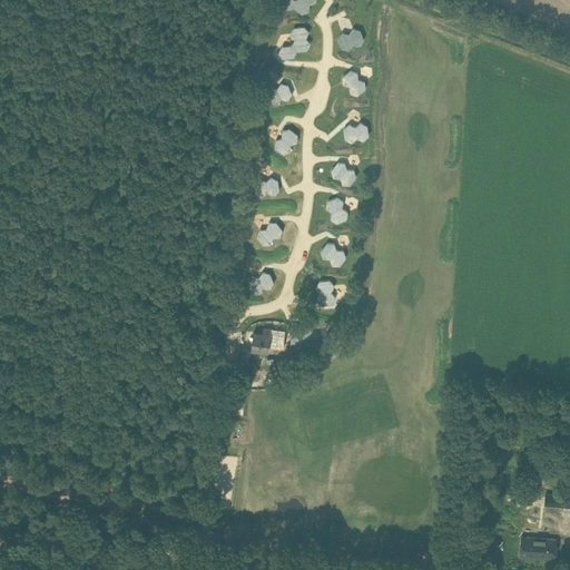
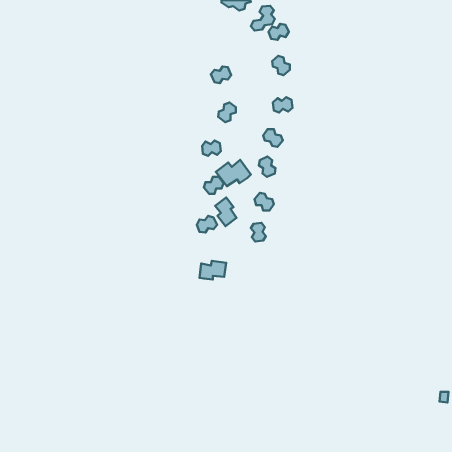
building: [278,27,308,58] -> [251,6,275,30]
building: none -> [216,160,251,186]
building: none -> [215,198,237,226]
building: [518,537,556,559] -> none

